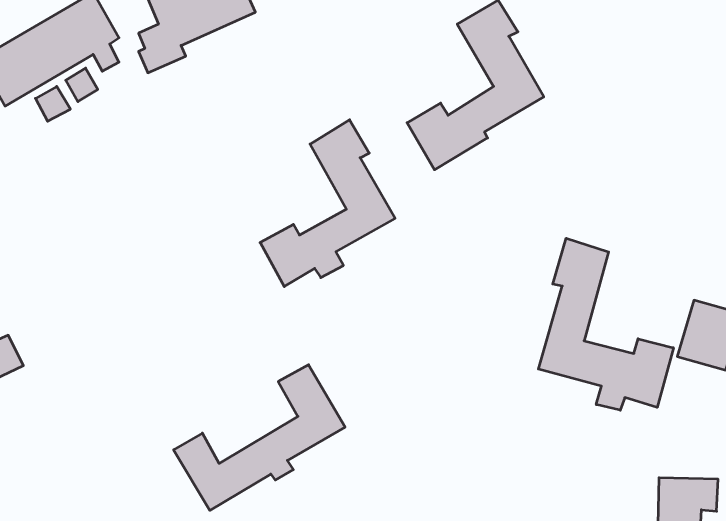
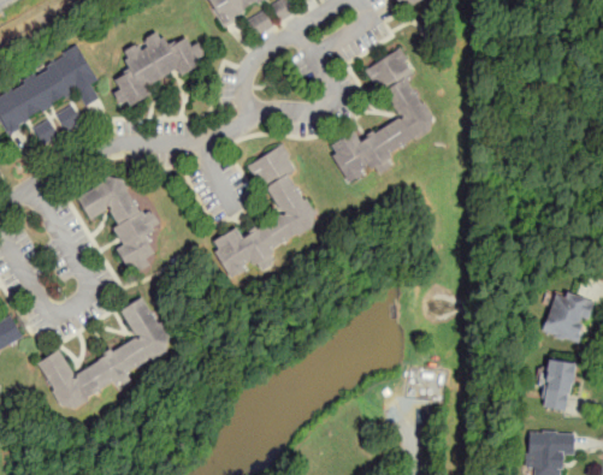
building: none -> [77,173,160,272]
building: [538,238,673,410] -> none
building: [174,365,345,510] -> [37,296,173,411]
building: none -> [540,357,574,410]

